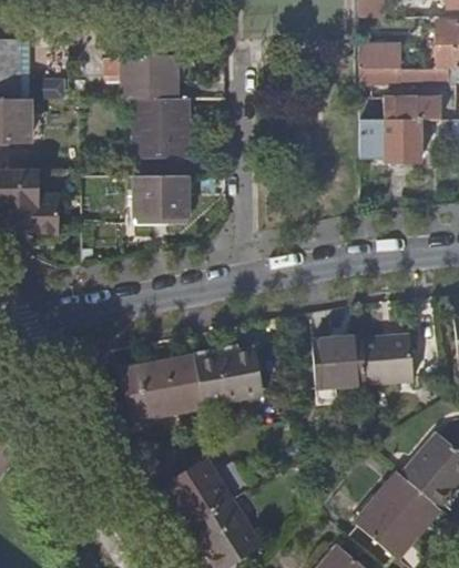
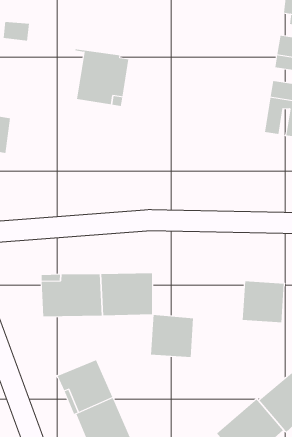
building: [122,59,176,98] -> none
building: [133,176,188,217] -> none
building: [315,337,368,388] -> [150,314,194,358]

